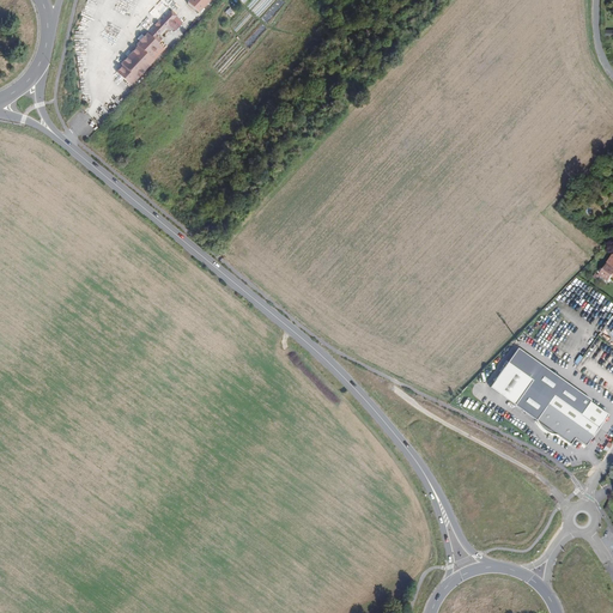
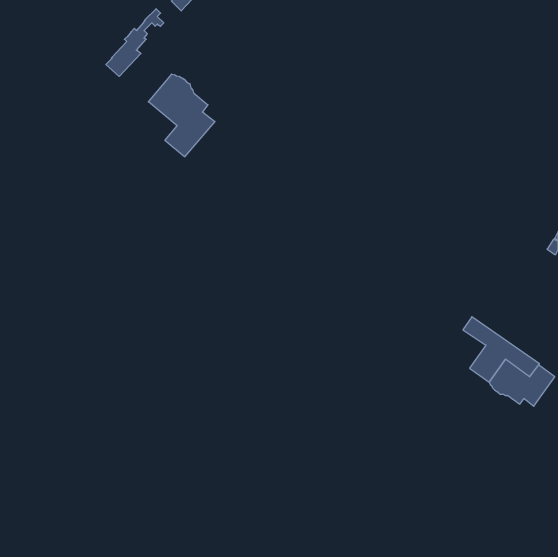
building: none -> [148,74,215,157]
building: [490,362,533,403] -> none

